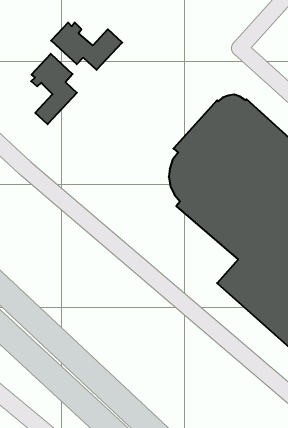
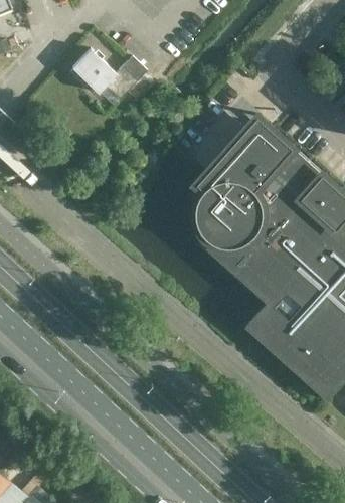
building: [31,54,77,124] -> none

